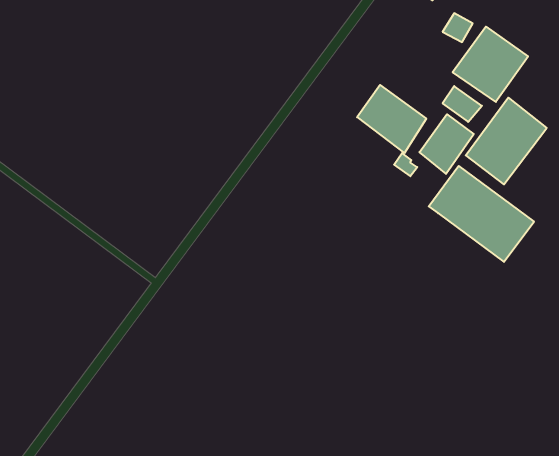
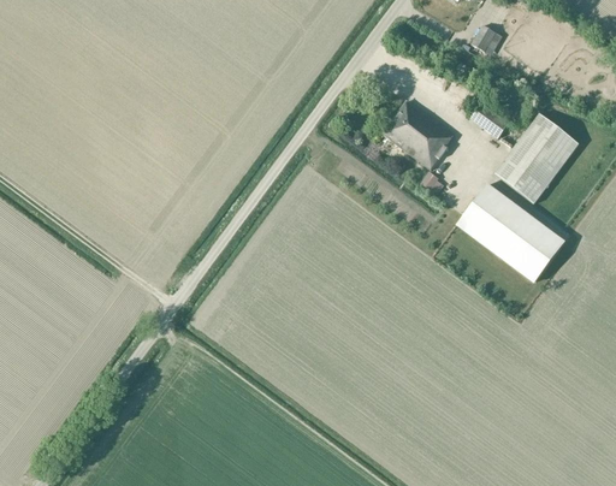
building: [453,27,528,102] -> none
building: [419,114,474,174] -> none

